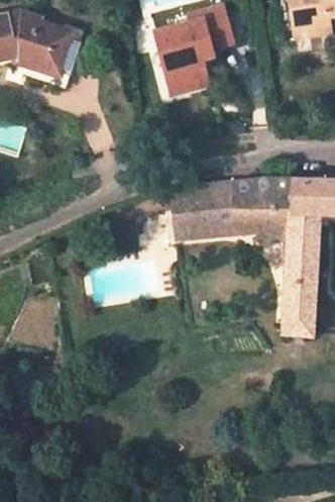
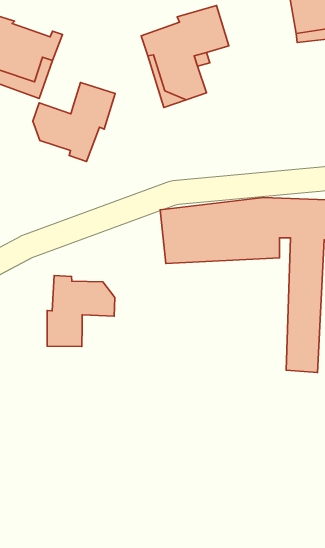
building: none -> [33,82,115,162]
building: none -> [47,276,115,347]

